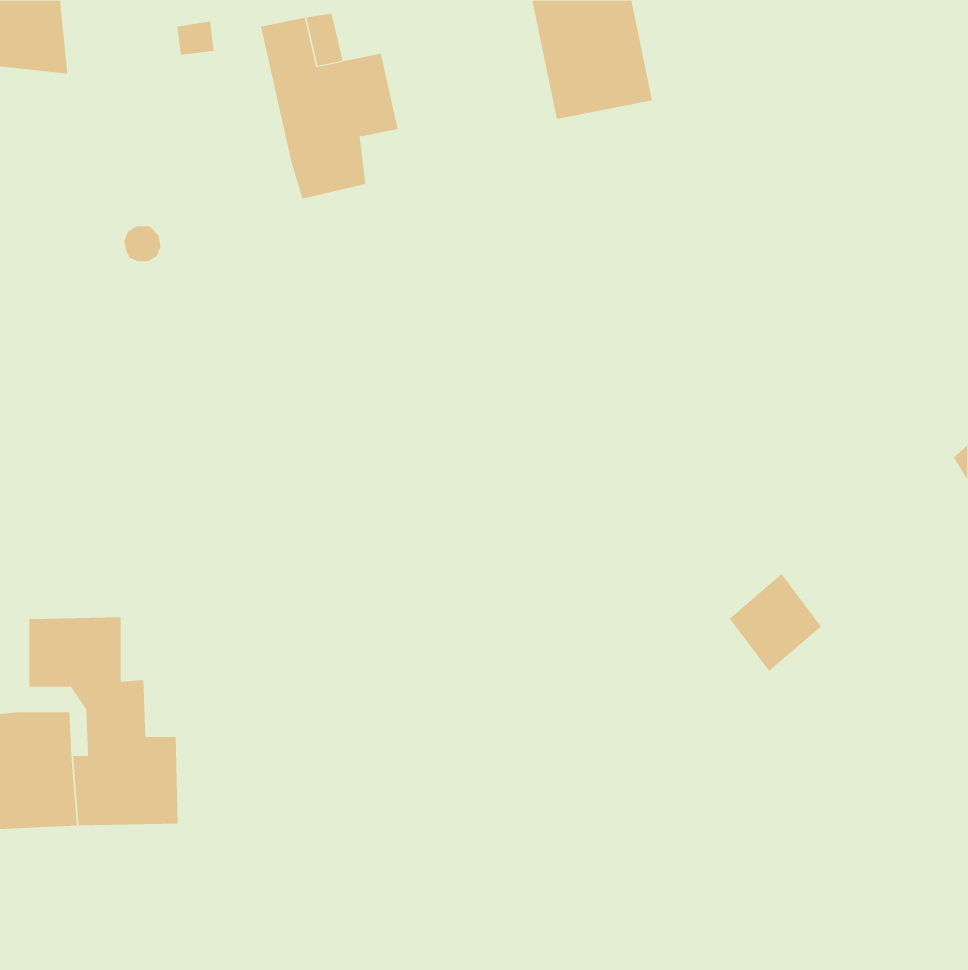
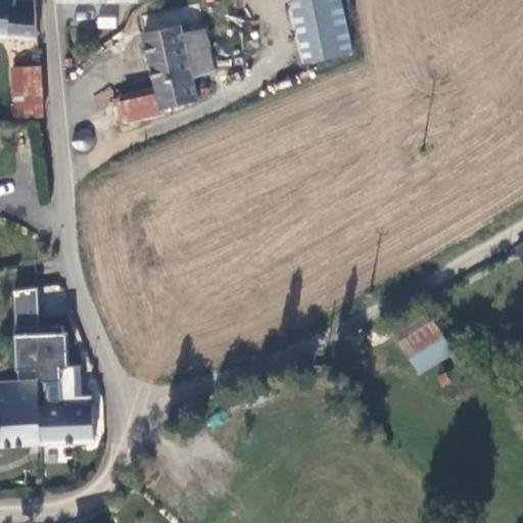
building: none -> [11,70,44,117]
building: none -> [111,87,163,125]
building: none -> [14,288,40,333]

